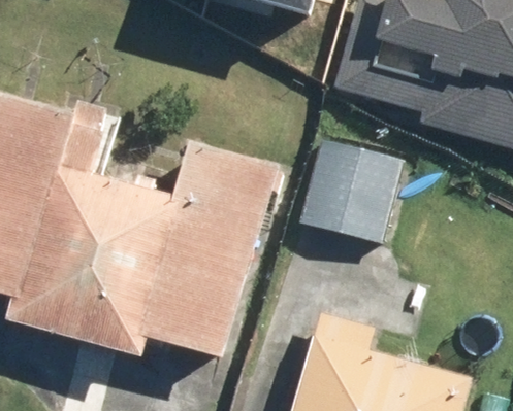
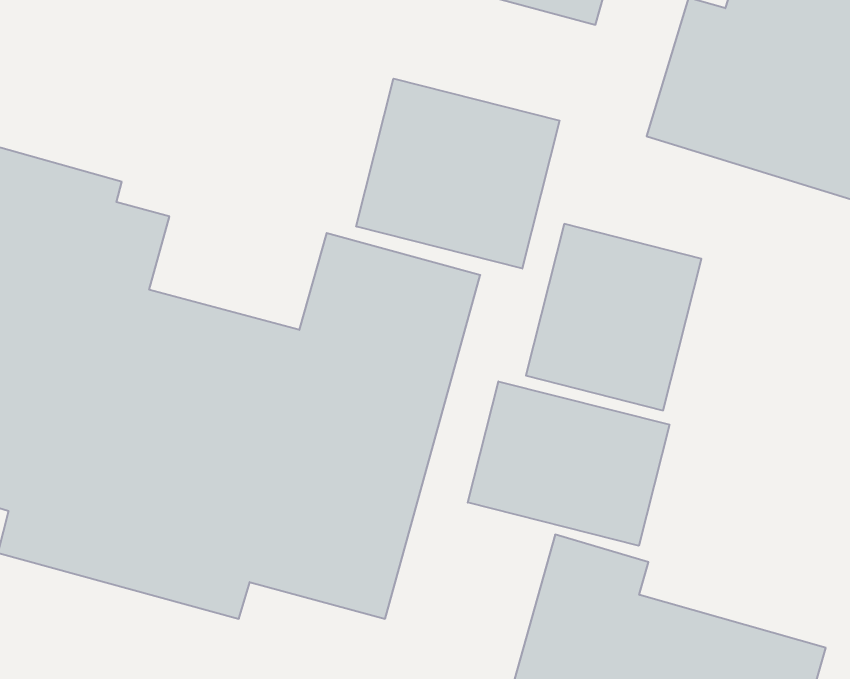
building: none -> [356,79,560,269]
building: none -> [468,381,669,546]

